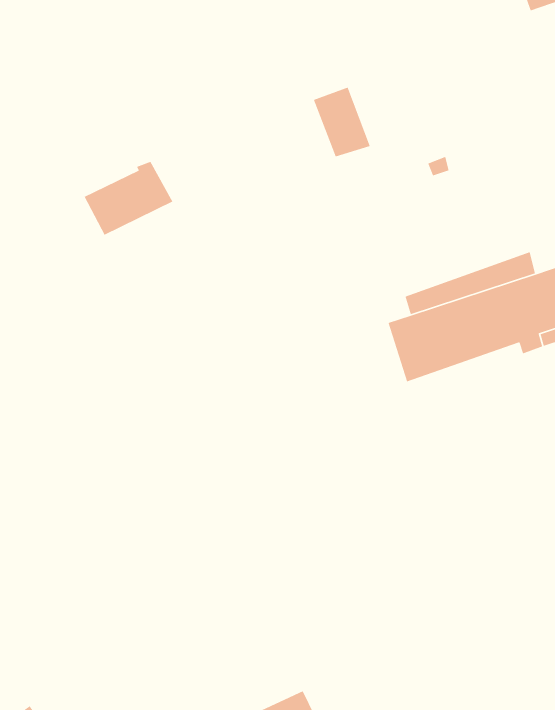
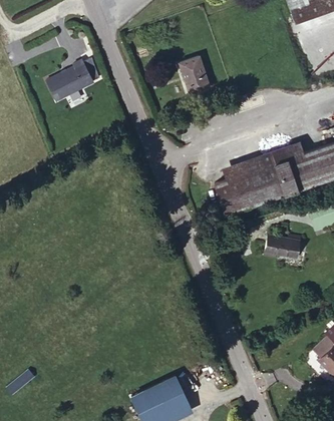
building: [83,161,173,236] -> [45,61,93,101]
building: none -> [265,231,303,258]

